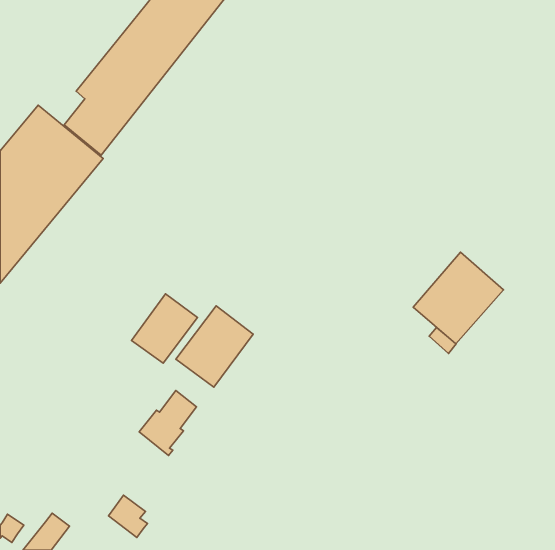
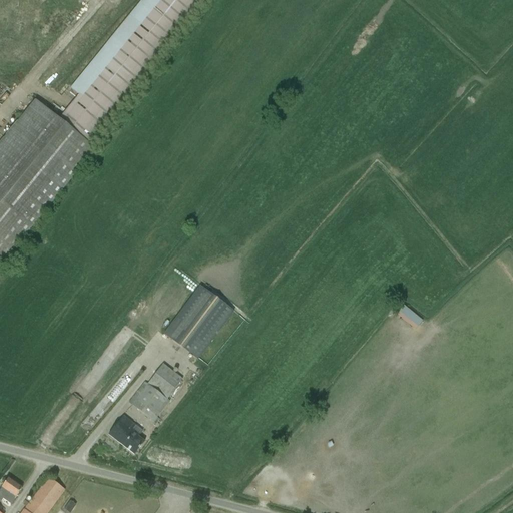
building: [413,252,504,344] -> none
building: [131,294,197,363] -> none
building: [108,495,148,538] -> [108,413,144,452]

